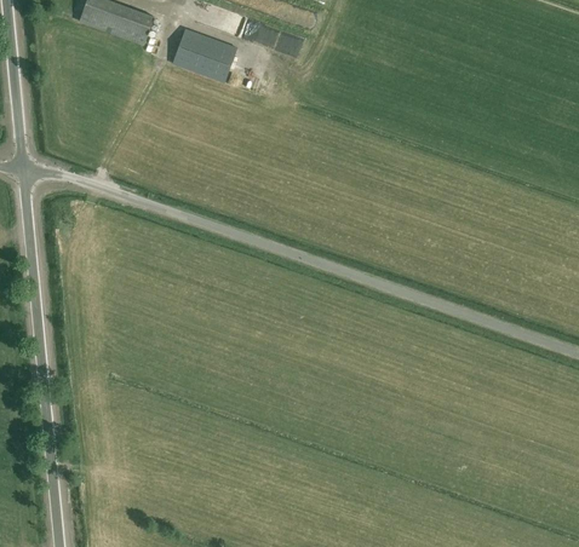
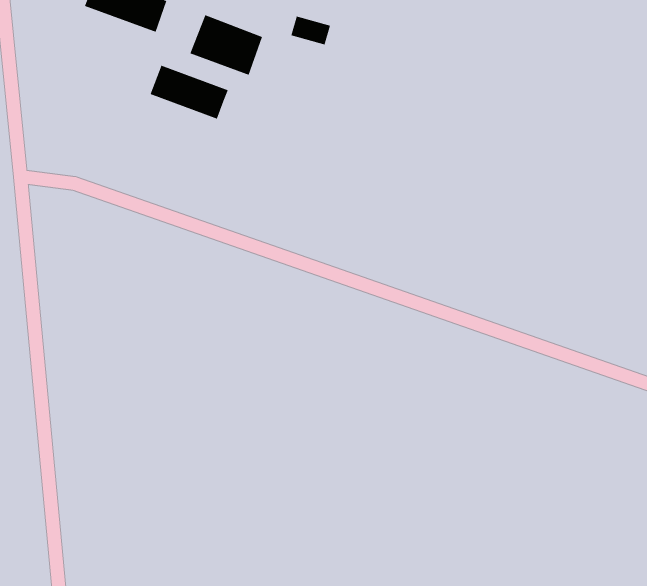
building: none -> [150,65,229,120]

